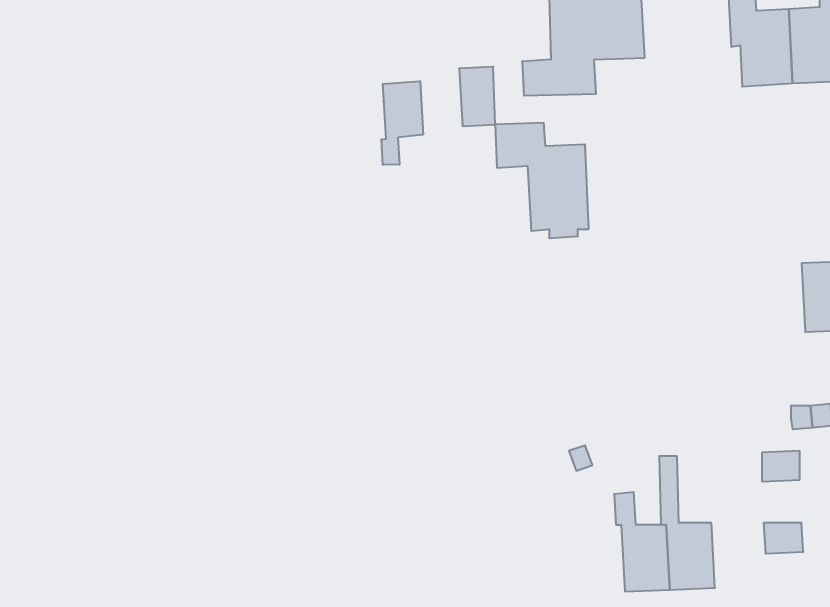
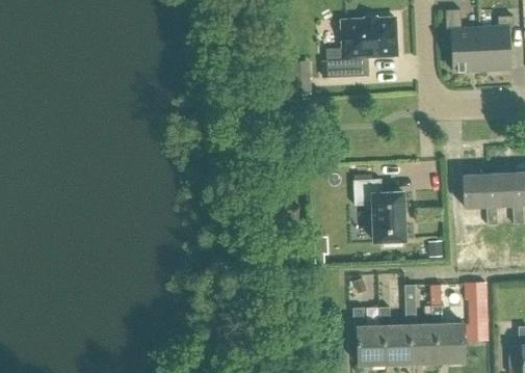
building: [382,81,423,165] -> none
building: [495,123,589,238] -> [353,179,408,245]
building: none -> [462,174,490,215]
building: none -> [432,304,464,361]
building: none -> [353,307,386,363]

